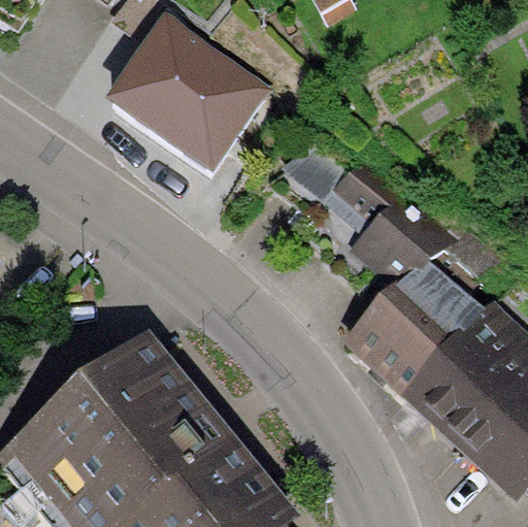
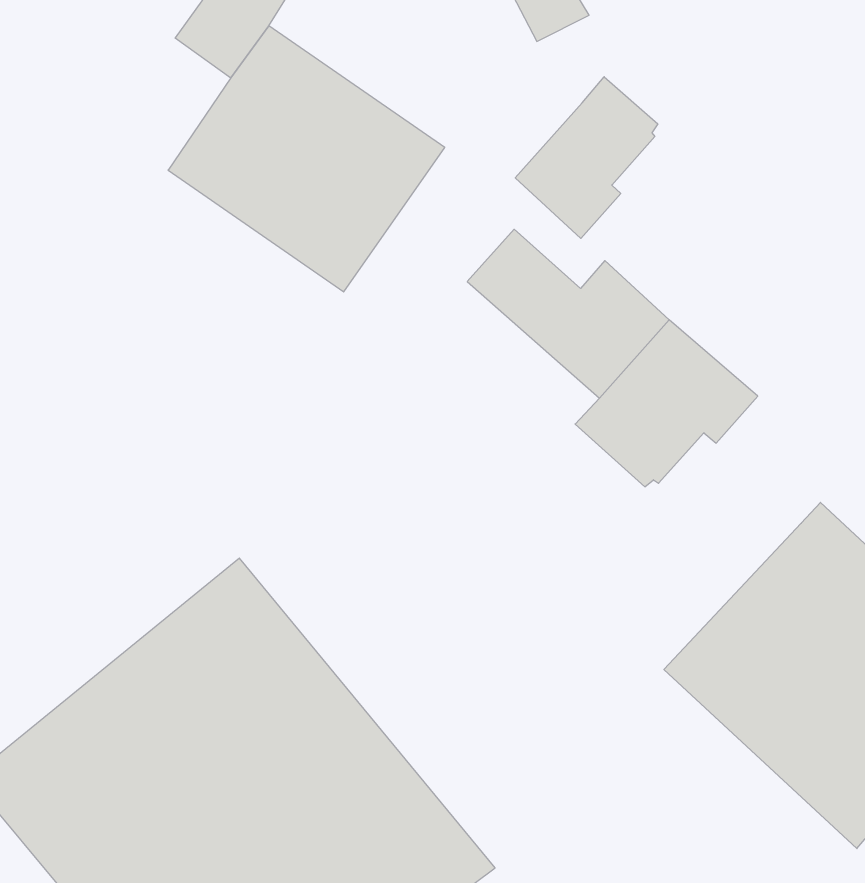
building: none -> [515,77,658,238]
building: [341,257,483,397] -> none

